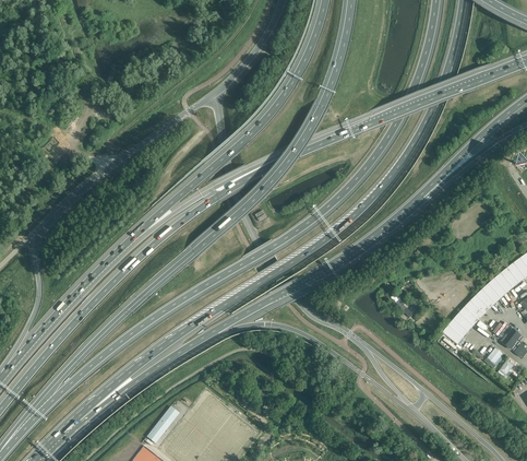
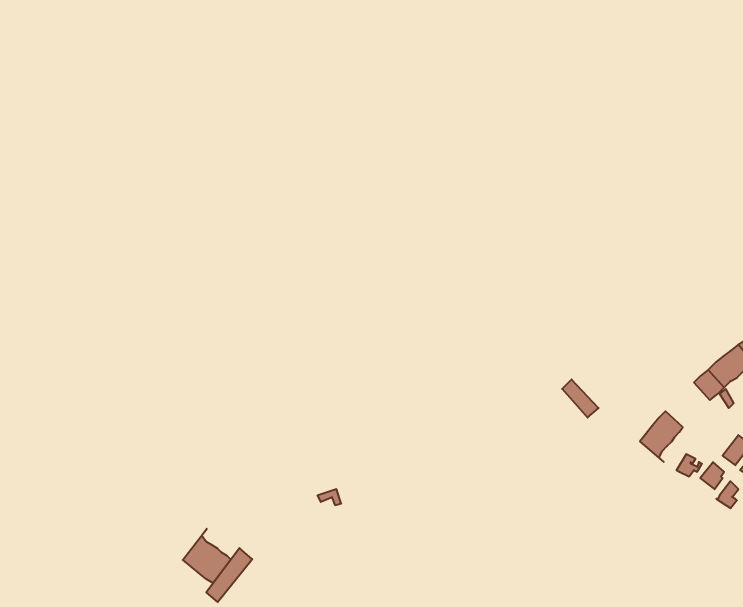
building: [462,292,492,322] -> none
building: none -> [183,529,231,583]

